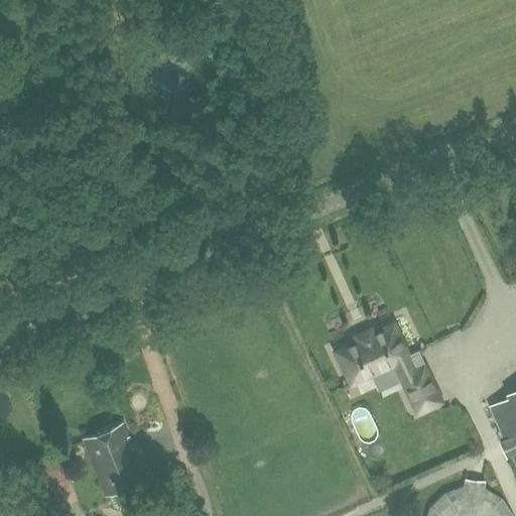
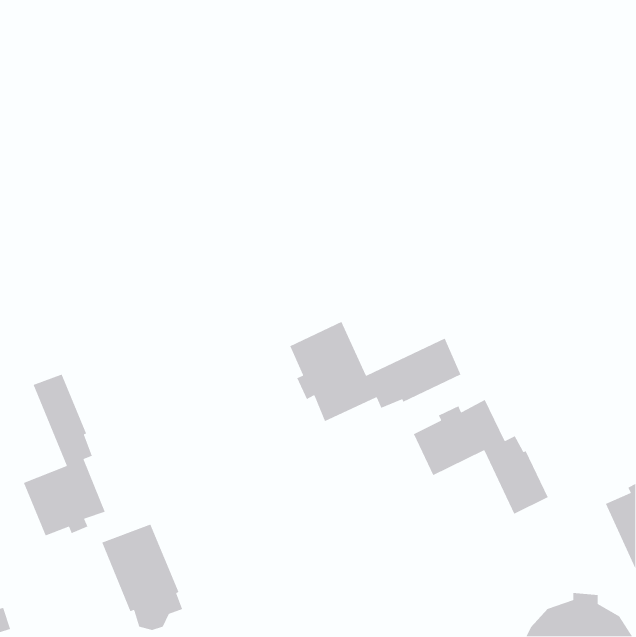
building: none -> [289,321,462,422]
building: none -> [23,373,106,536]

